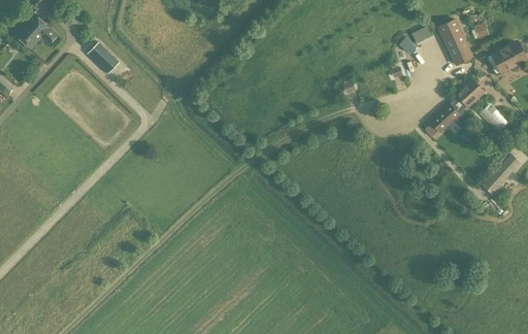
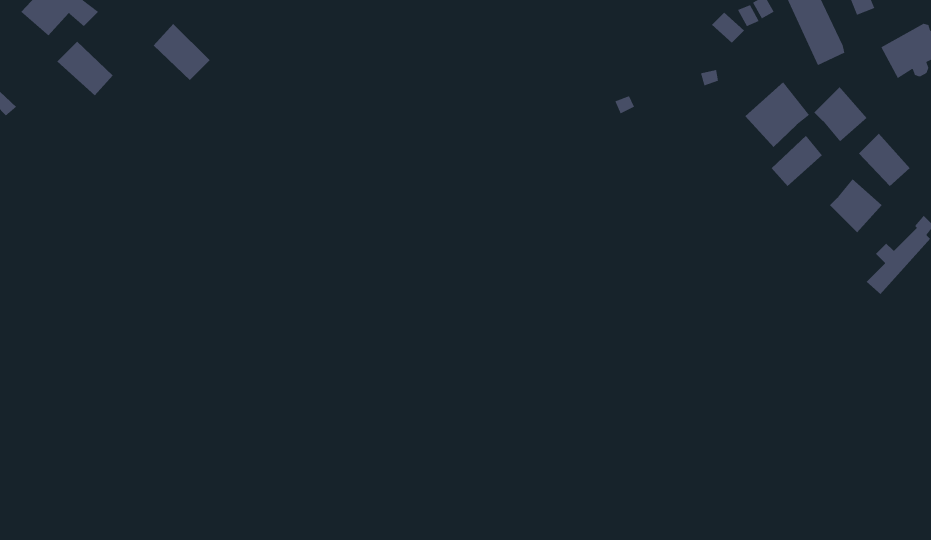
building: none -> [57,41,114,96]
building: none -> [745,81,810,148]
building: none -> [829,179,883,233]

